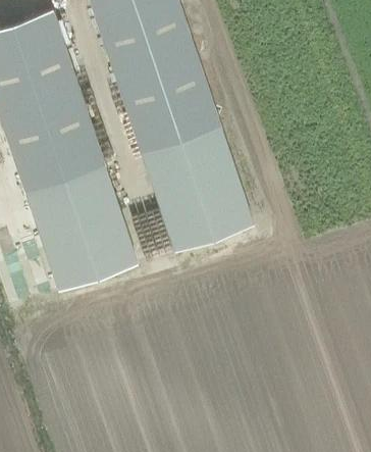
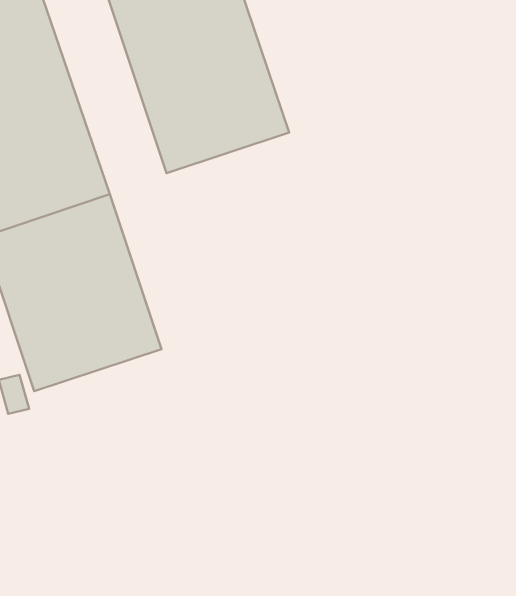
building: [143,128,253,250] -> none

